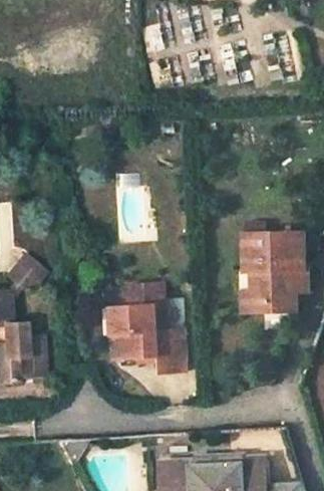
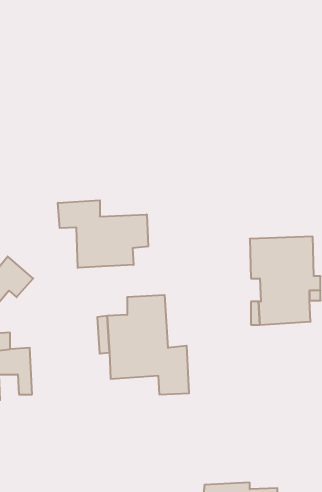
building: none -> [58,200,148,268]

